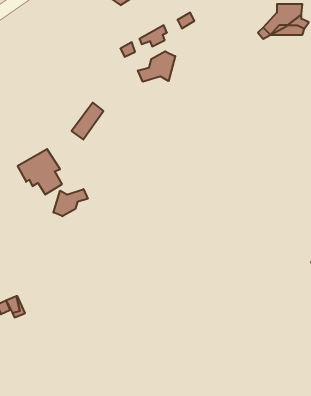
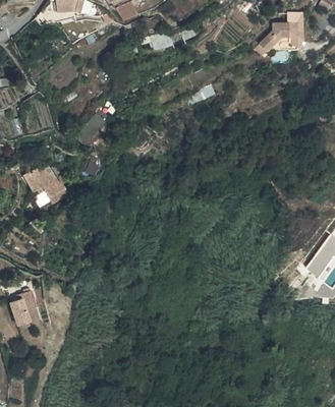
building: [138,51,175,82] -> none
building: [53,189,88,216] -> none

